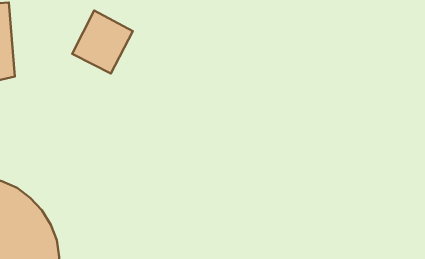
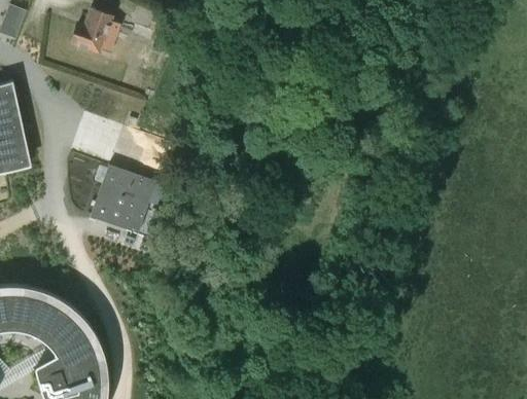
building: [72,11,133,73] -> [89,165,154,233]

